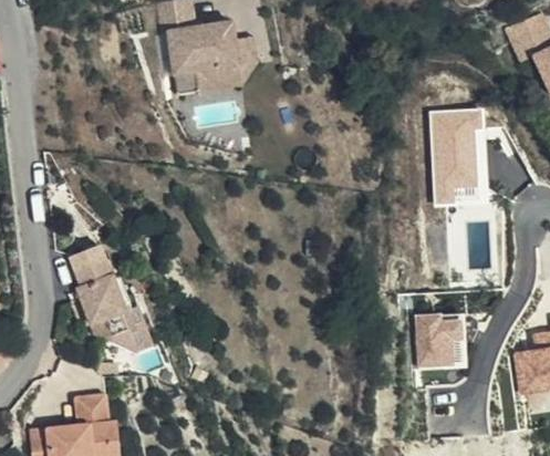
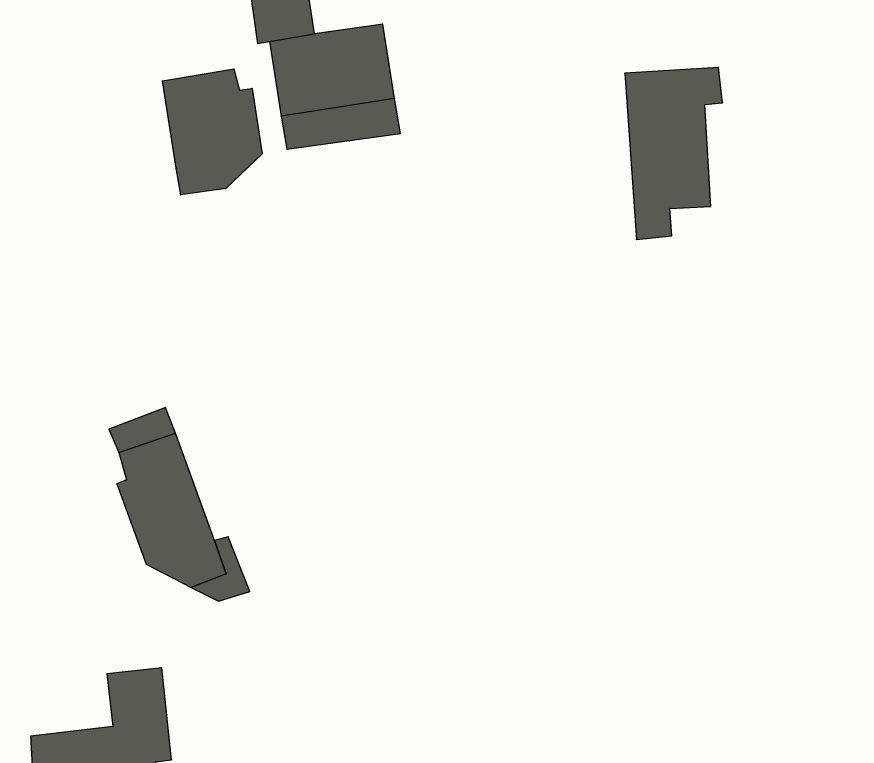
building: none -> [163,69,262,195]
building: [429,104,485,201] -> [625,67,723,240]
building: [415,310,468,365] -> none

